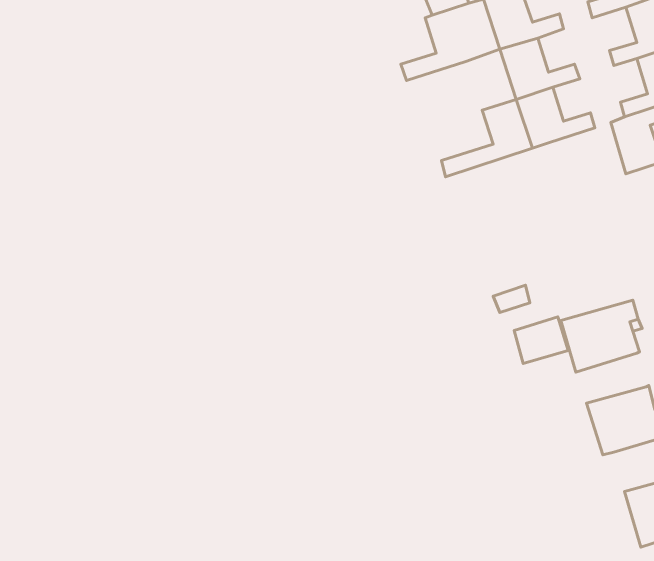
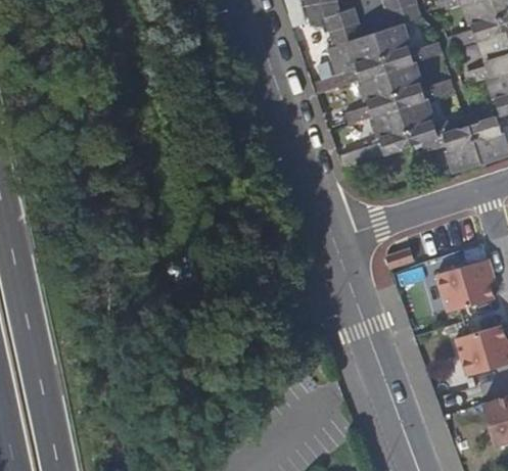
building: none -> [350,70,400,124]
building: none -> [424,126,482,173]
building: [514,317,568,364] -> none

